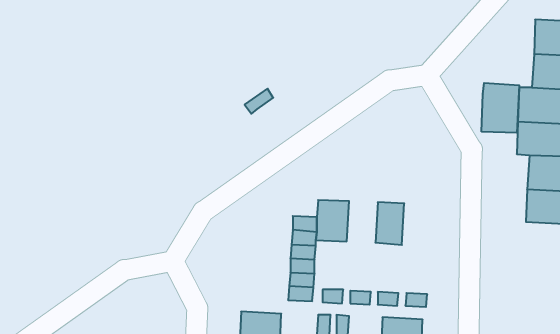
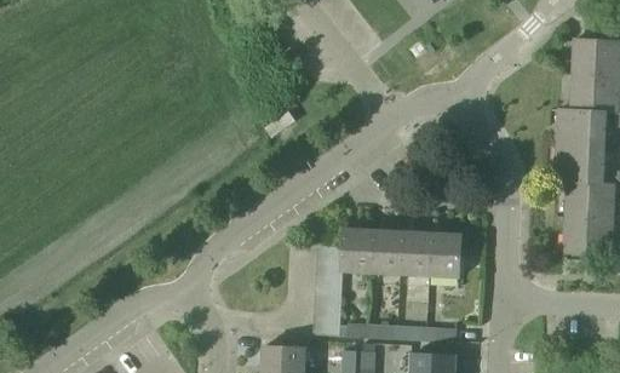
building: [482,83,519,133] -> none
building: none -> [374,229,407,272]
building: none -> [432,231,461,276]

